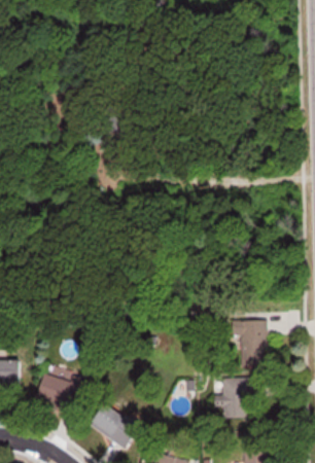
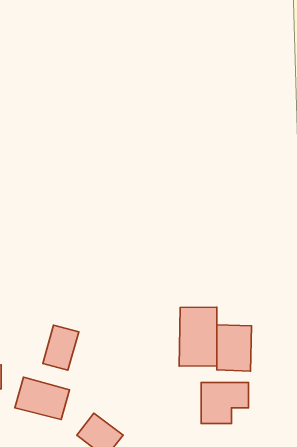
building: none -> [179,307,217,366]
building: none -> [43,325,79,370]

